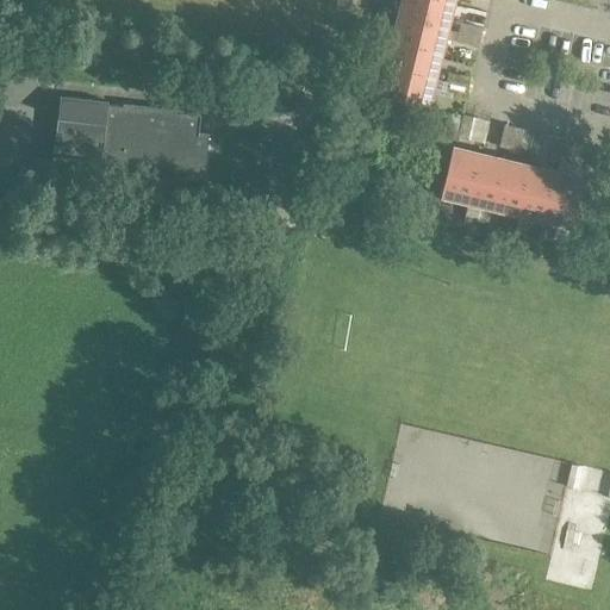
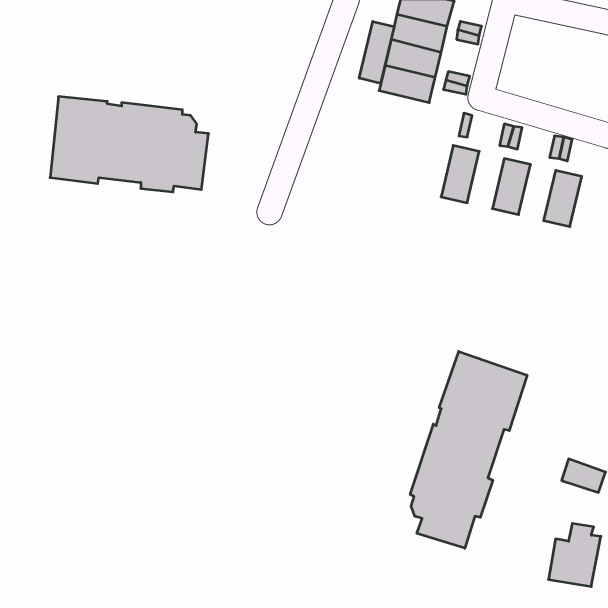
building: none -> [359,21,394,83]
building: [468,151,505,208] -> none
building: [519,164,556,220] -> none
building: none -> [410,351,527,548]

